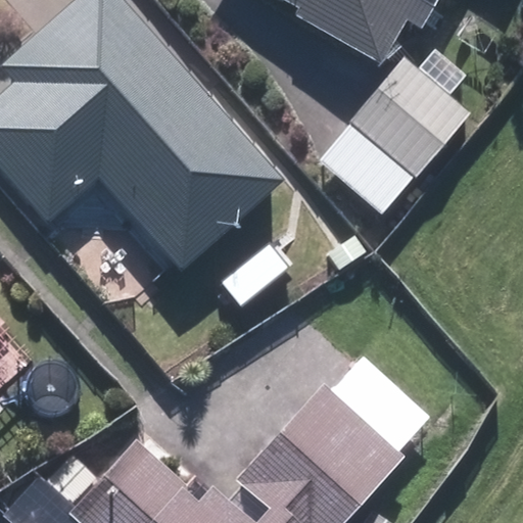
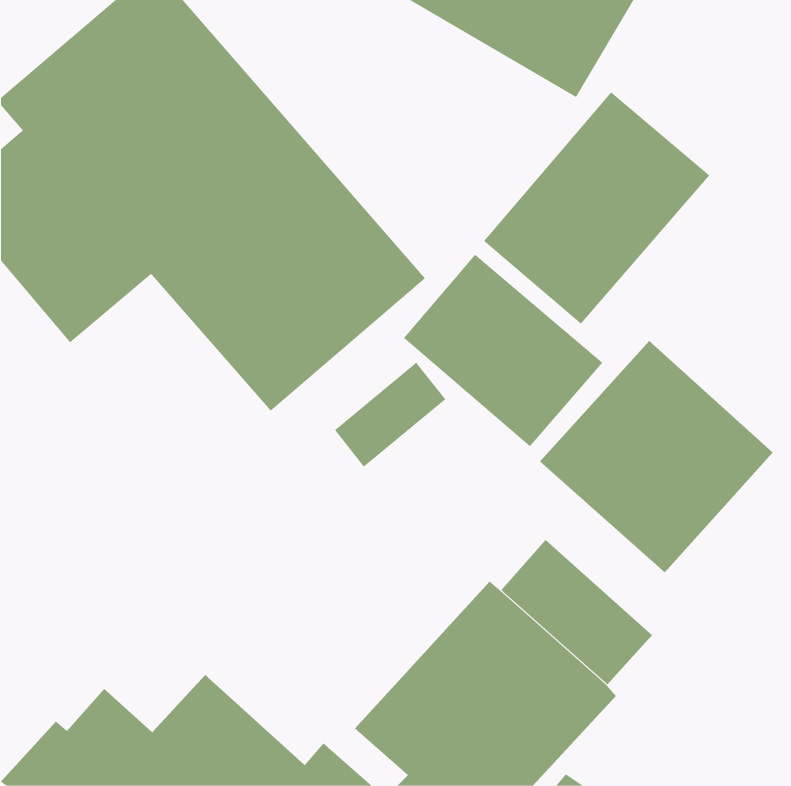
building: none -> [403,254,603,447]
building: none -> [539,340,774,573]

